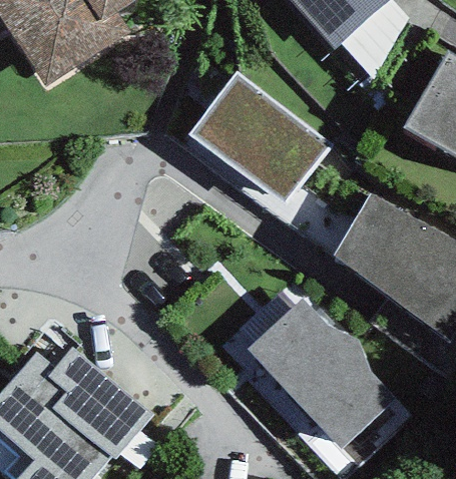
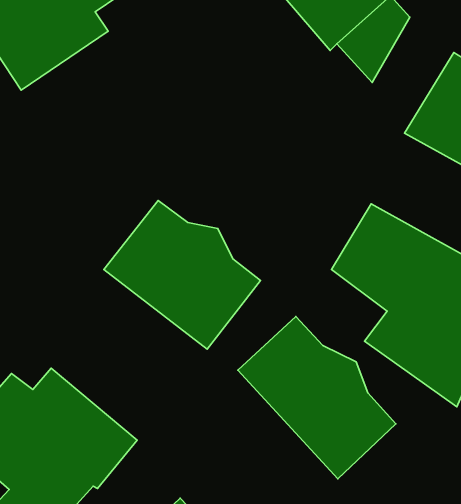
building: [187,71,332,206] -> none
building: none -> [104,200,260,349]

